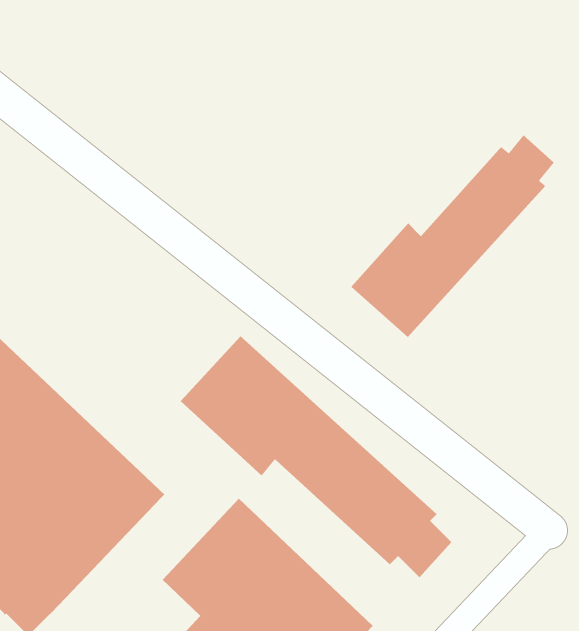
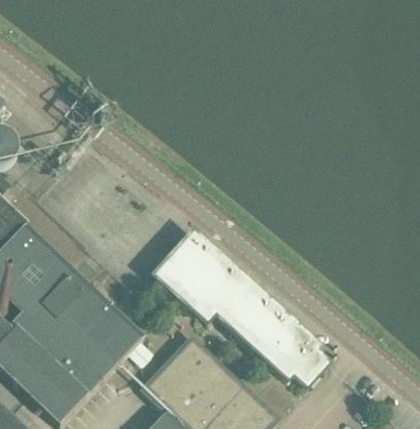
building: [351,134,555,338] -> none

